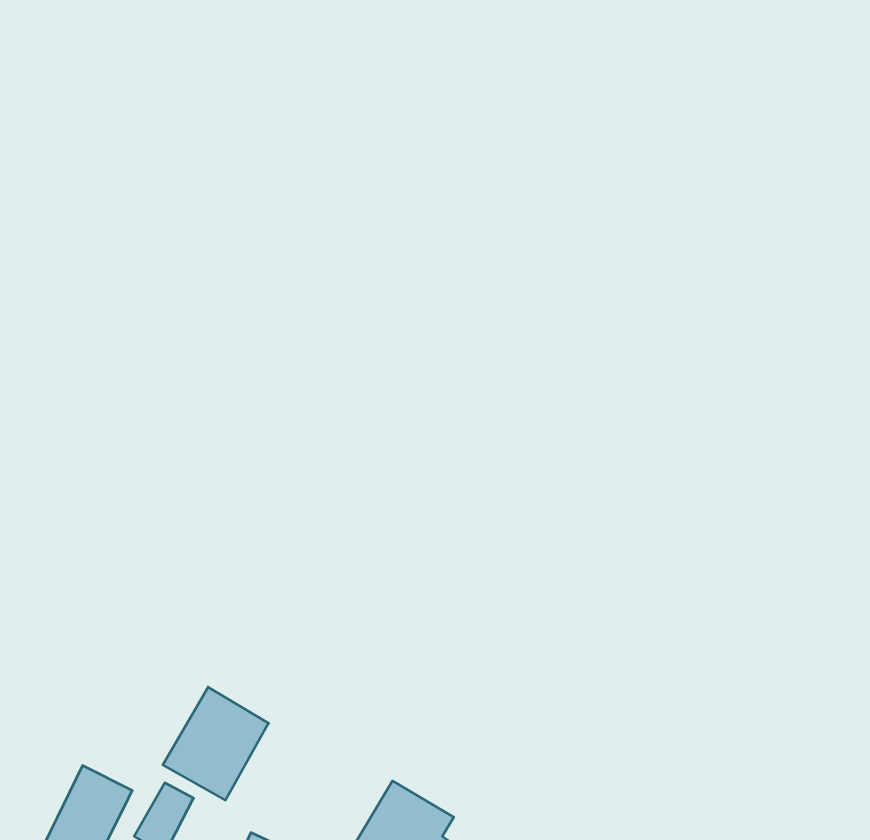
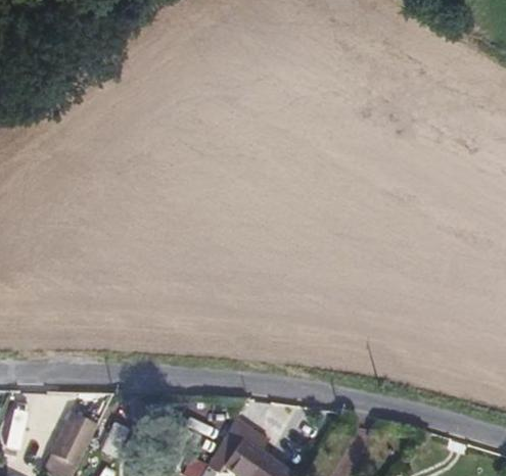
building: [163,687,269,800] -> none

